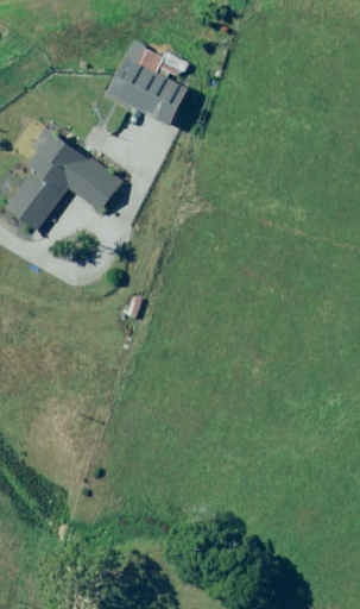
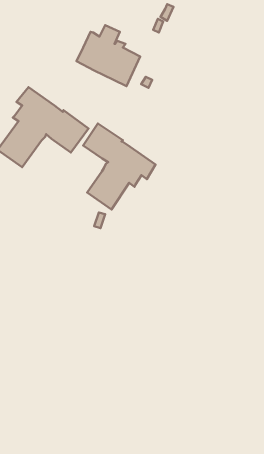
building: none -> [83,123,156,209]

